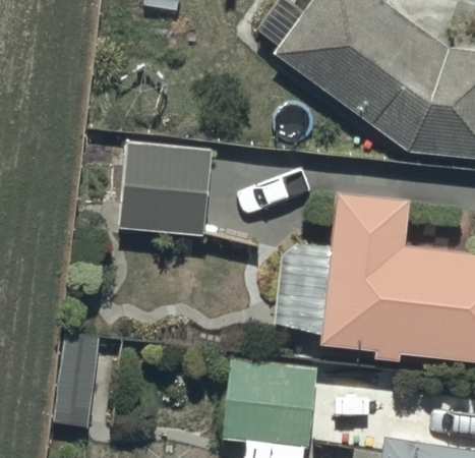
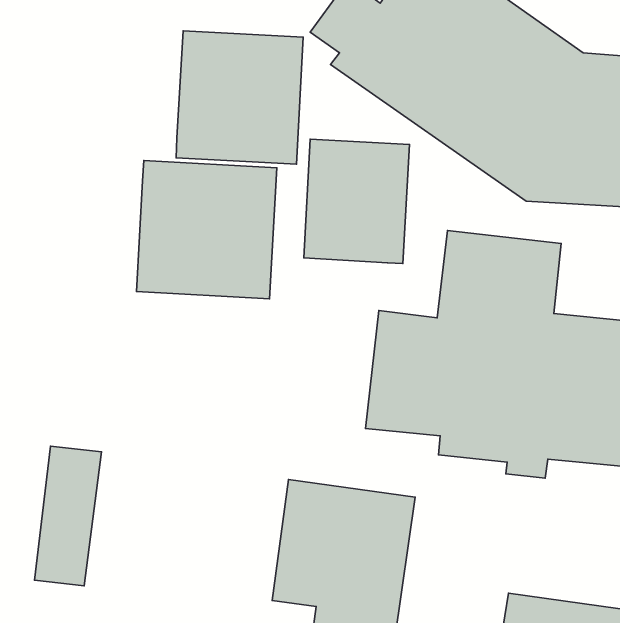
building: none -> [176,31,303,164]
building: none -> [304,139,410,263]

